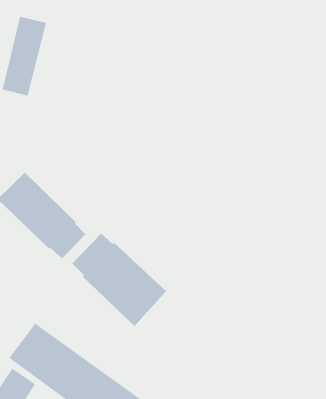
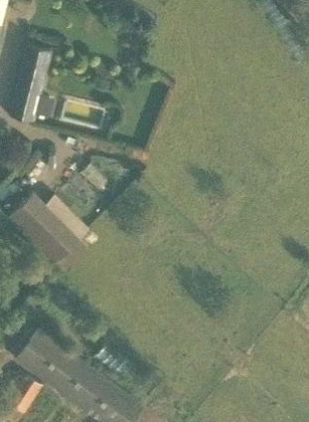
building: [72,233,167,327] -> none

